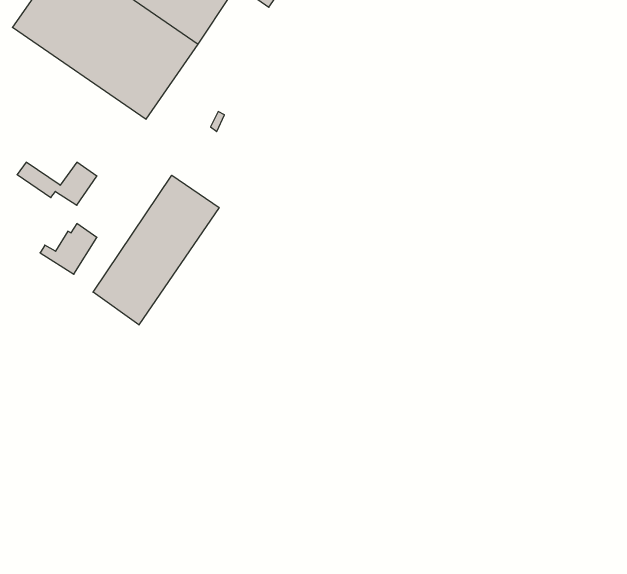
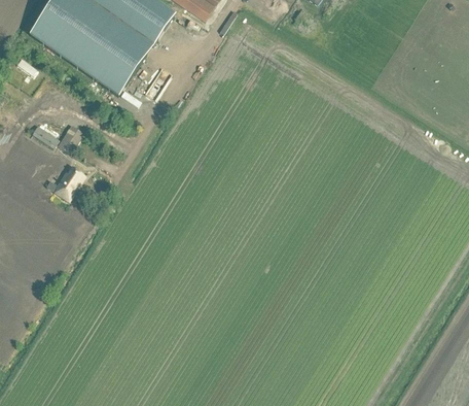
building: [93,175,219,325] -> none

